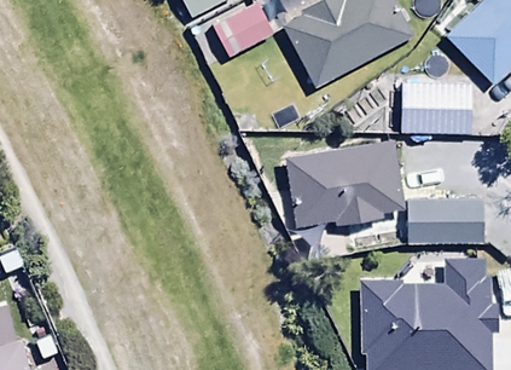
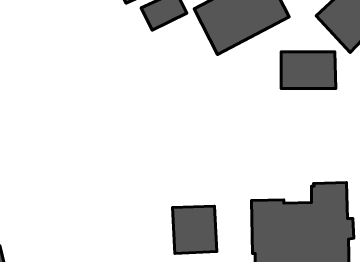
building: [284,140,403,225] -> none
building: [408,197,484,242] -> none
building: none -> [172,206,217,254]

